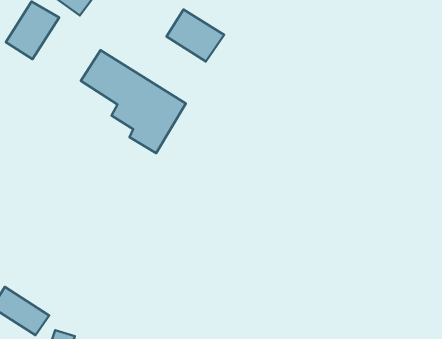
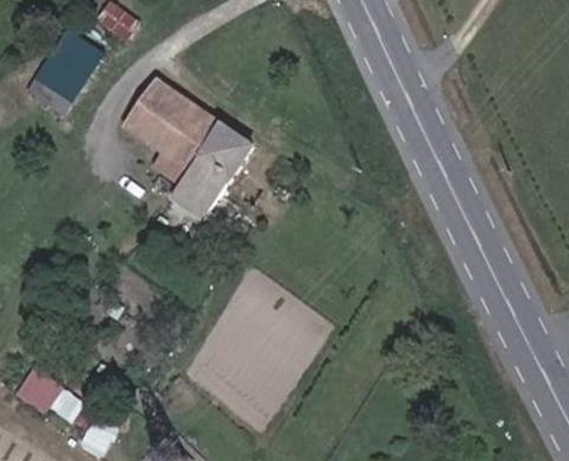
building: [166,10,224,61] -> none

